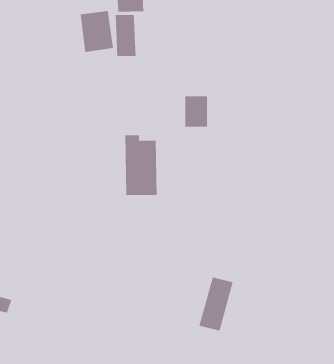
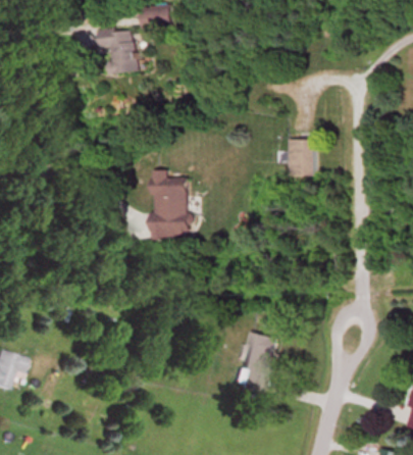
building: [115,14,136,57] -> none
building: [185,96,208,127] -> [290,139,316,174]

